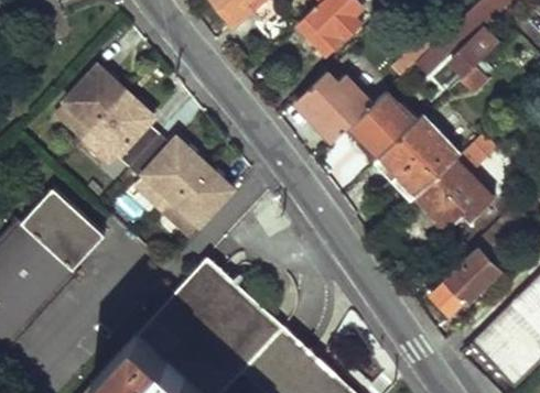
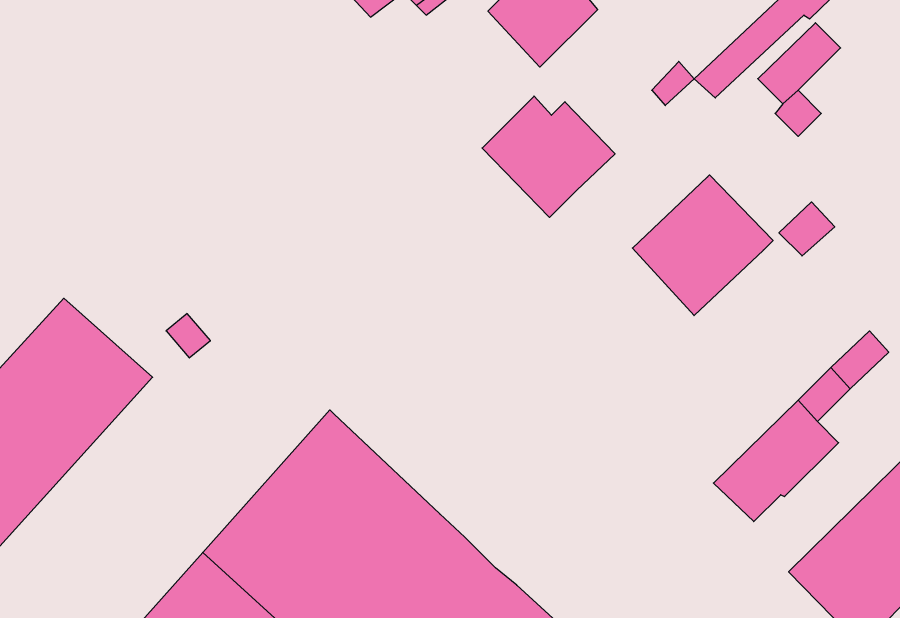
building: [58,65,234,234] -> none
building: [348,92,423,160] -> none
building: [415,161,495,231] -> none

